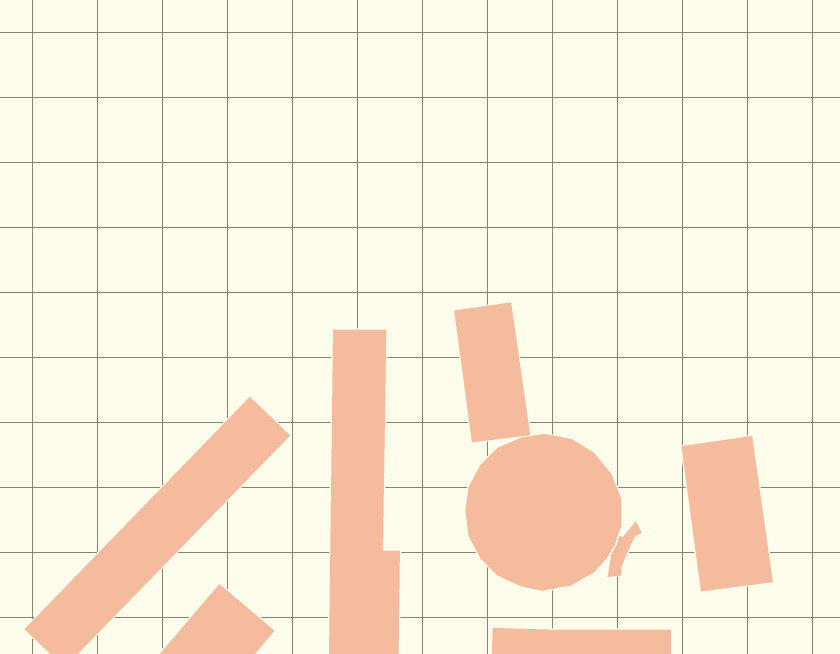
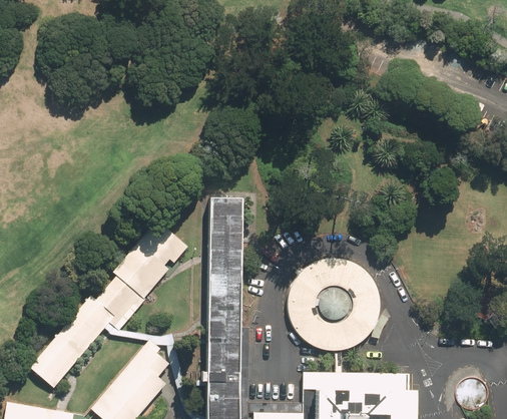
building: [454,301,531,443] -> none
building: [681,435,774,592] -> none

